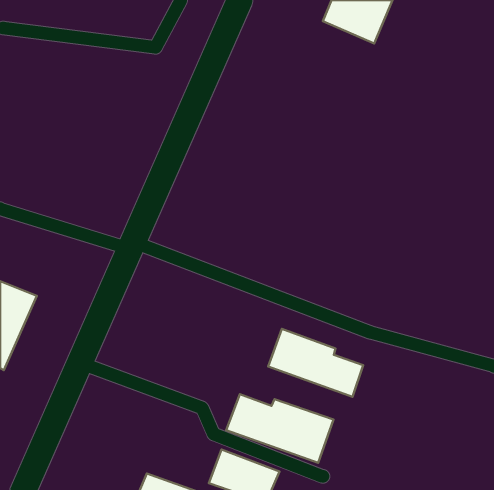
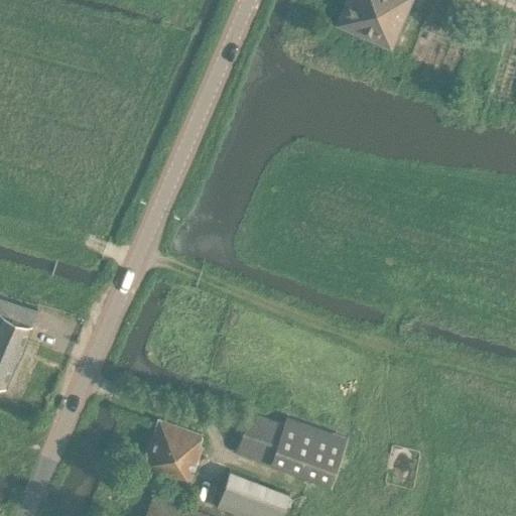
building: [268,329,363,397] -> none
building: none -> [142,421,203,486]

